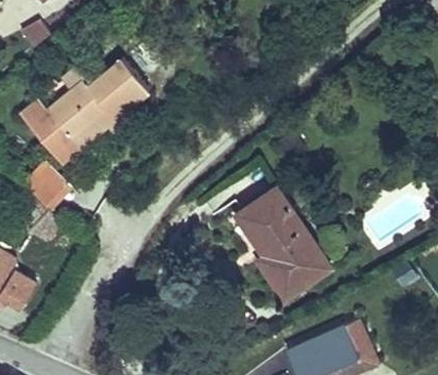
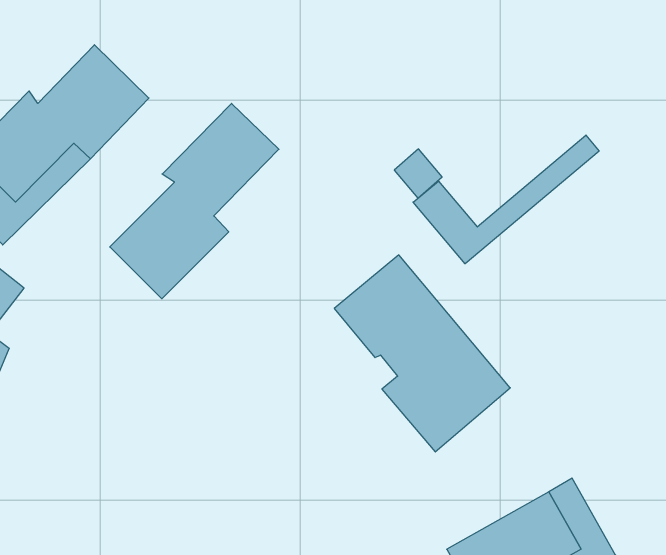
building: none -> [110,103,279,299]
building: none -> [413,135,599,264]

